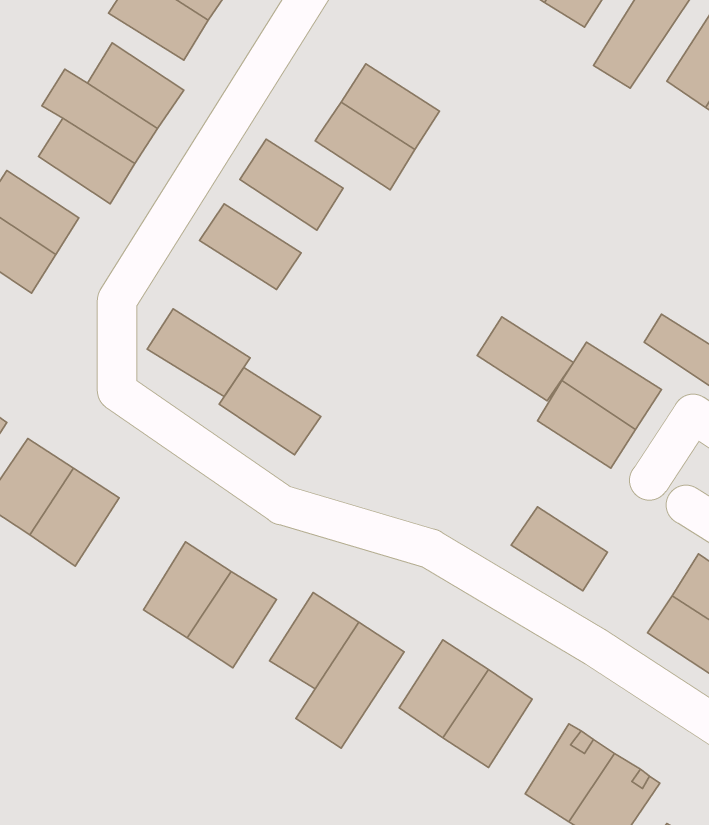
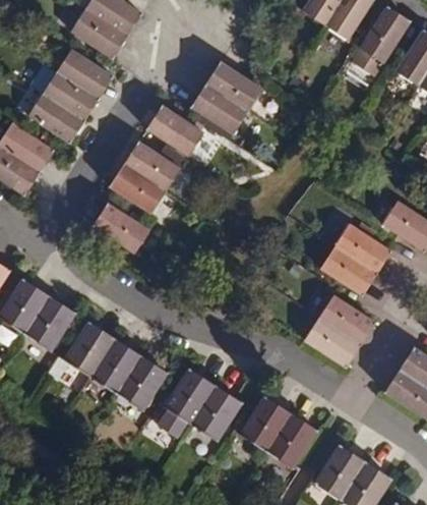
building: [477,317,574,401] -> [319,296,375,345]
building: [219,367,321,455] -> [109,164,168,215]
building: none -> [63,321,115,379]

